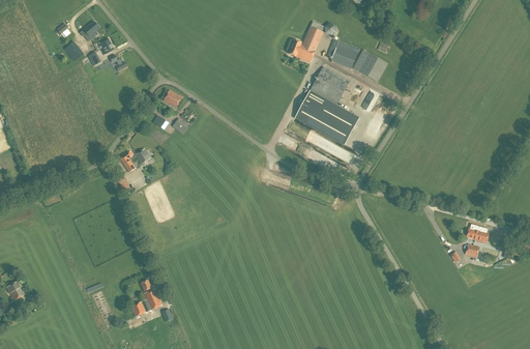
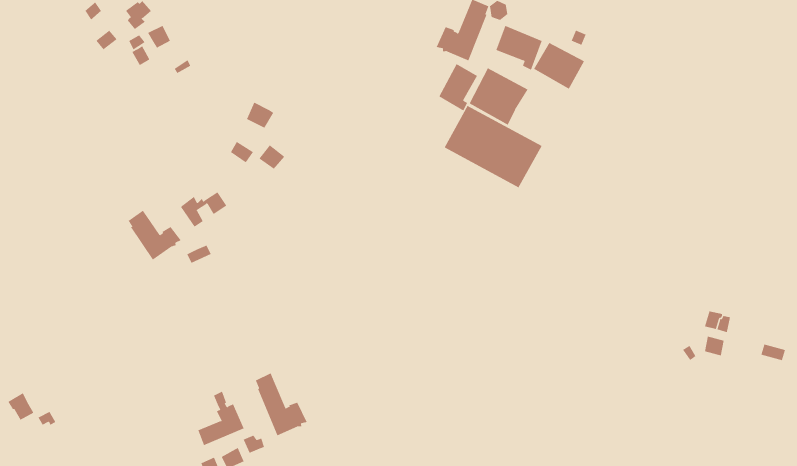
building: none -> [439,63,478,112]
building: none -> [128,210,182,260]
building: none -> [255,373,307,436]

